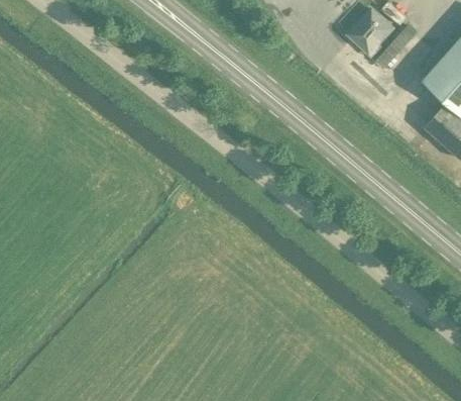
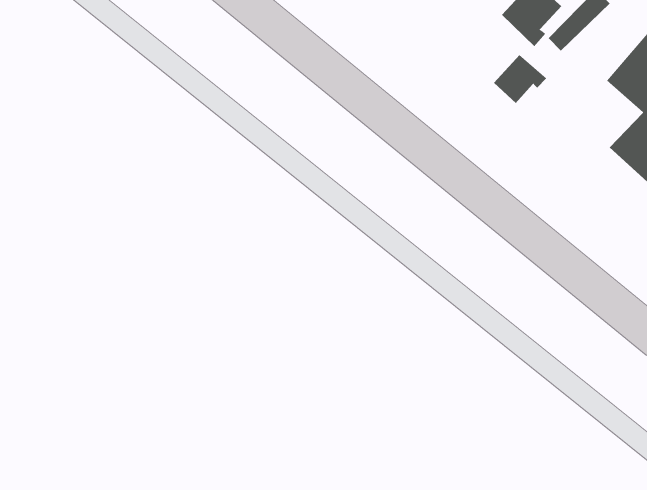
building: none -> [493,54,547,104]

